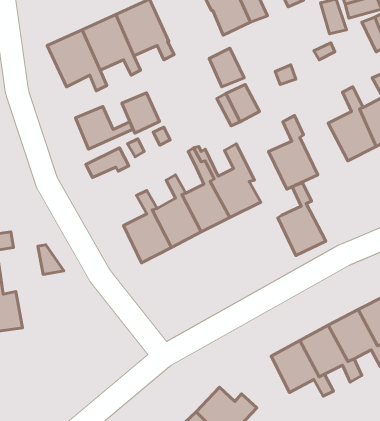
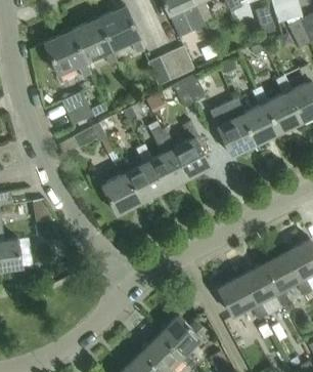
building: [122,93,159,133] -> [148,53,178,85]
building: [278,183,326,255] -> [239,88,277,146]

